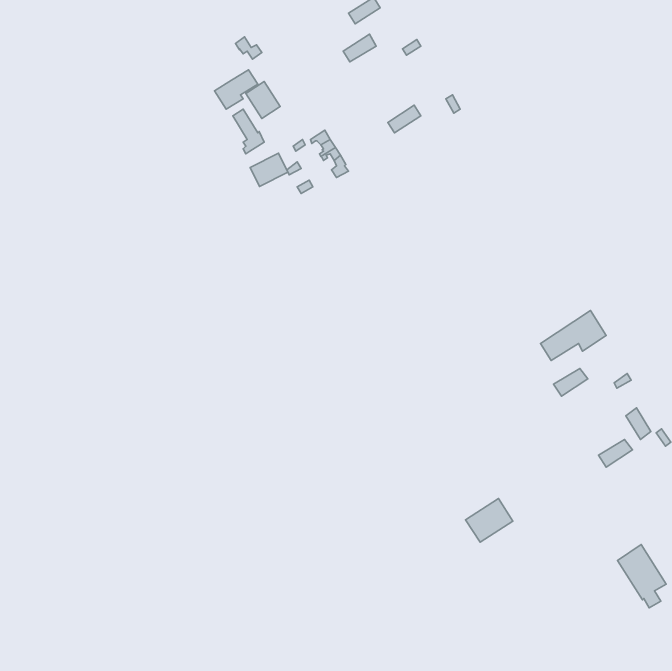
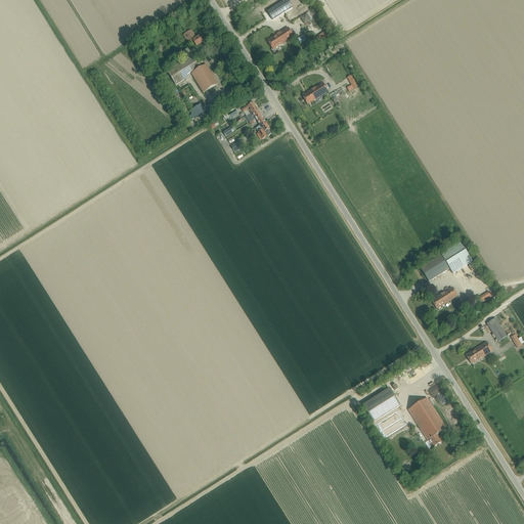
building: [250,153,288,187] -> none
building: [618,545,666,608] -> [408,397,446,446]

